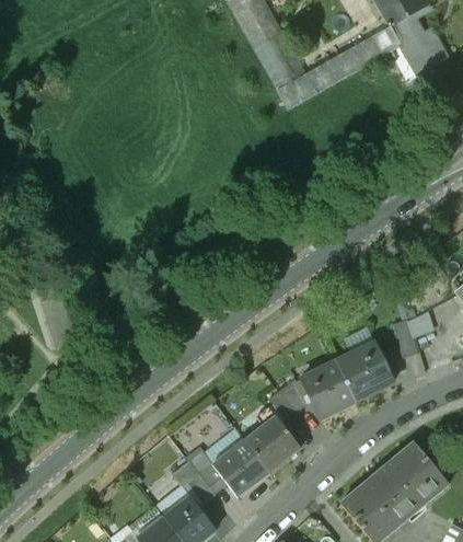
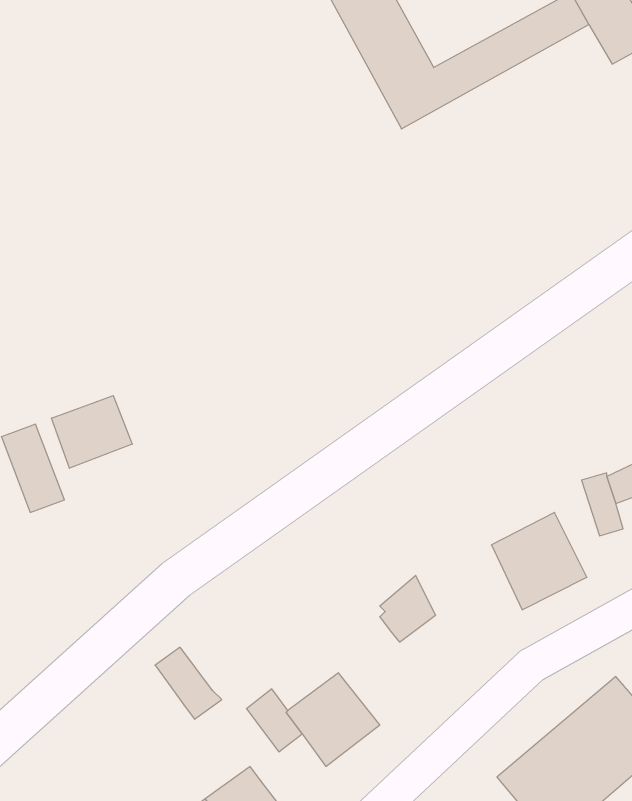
building: none -> [51,396,132,468]
building: [303,362,356,418] -> none
building: [244,415,301,472] -> none
building: [173,462,213,506] -> [155,647,222,719]

